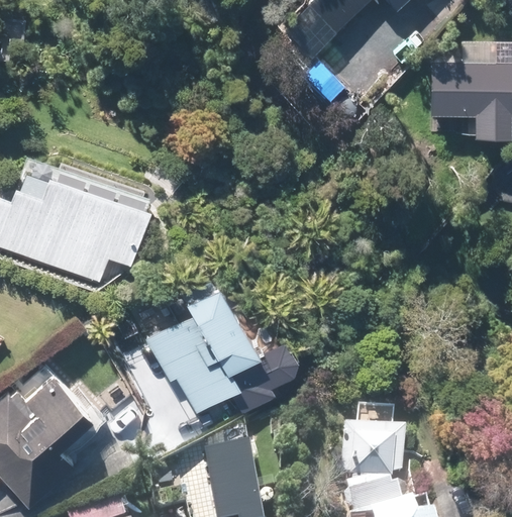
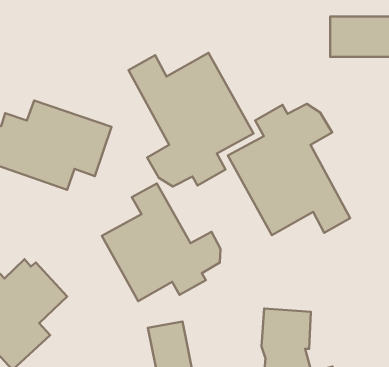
building: none -> [128,53,253,187]
building: none -> [228,104,350,235]

